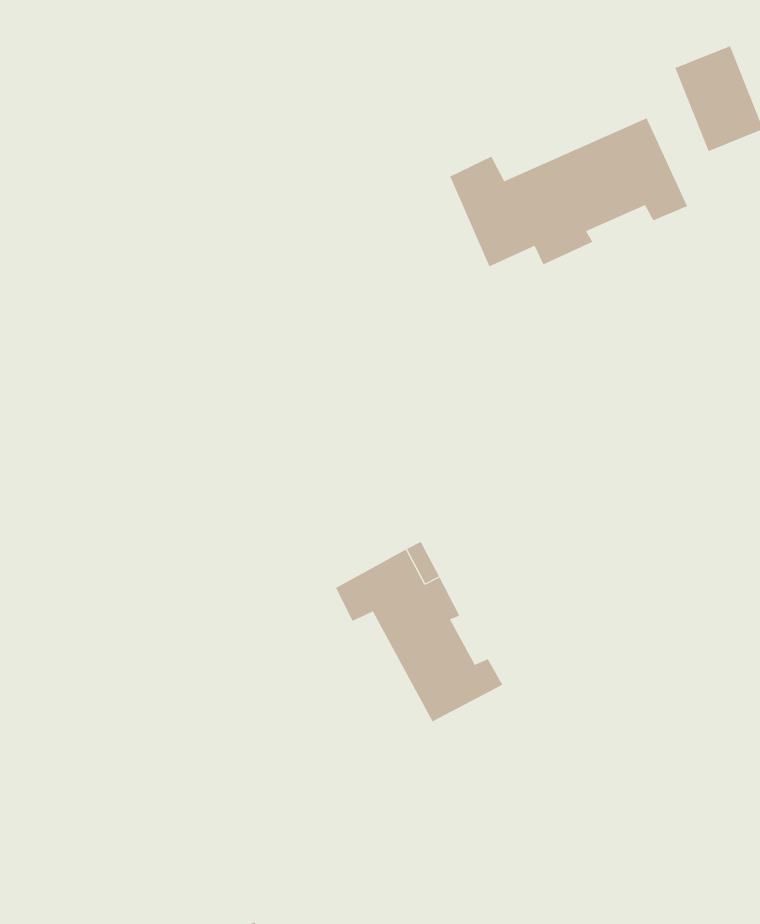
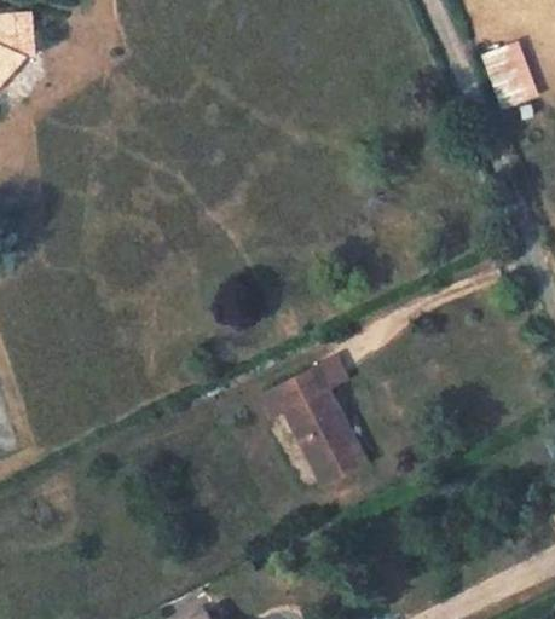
building: [450,117,688,267] -> none

